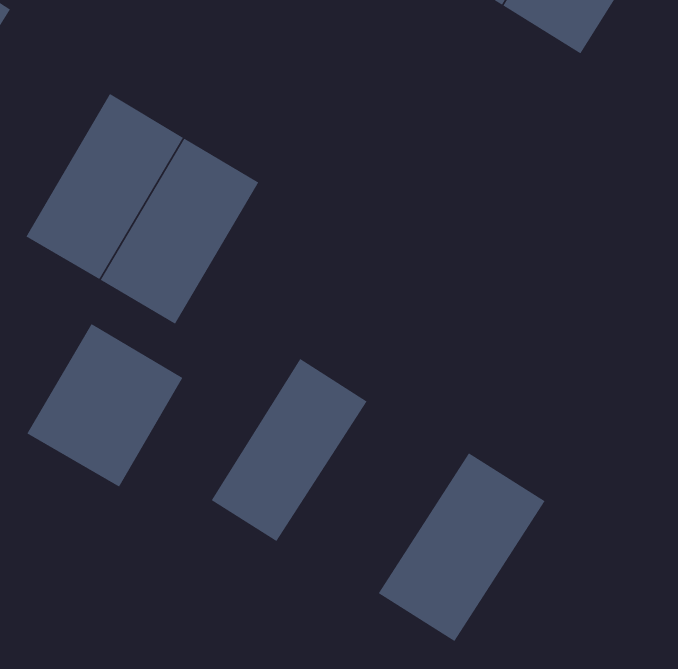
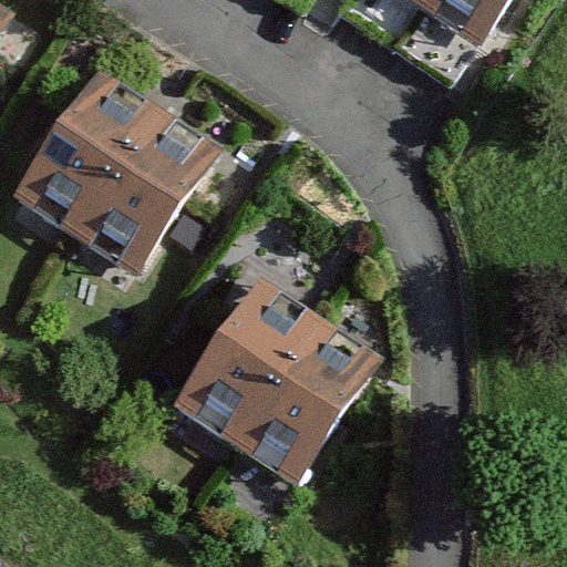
building: [26,323,183,488] -> none
building: [378,452,545,642] -> [227,329,364,484]

